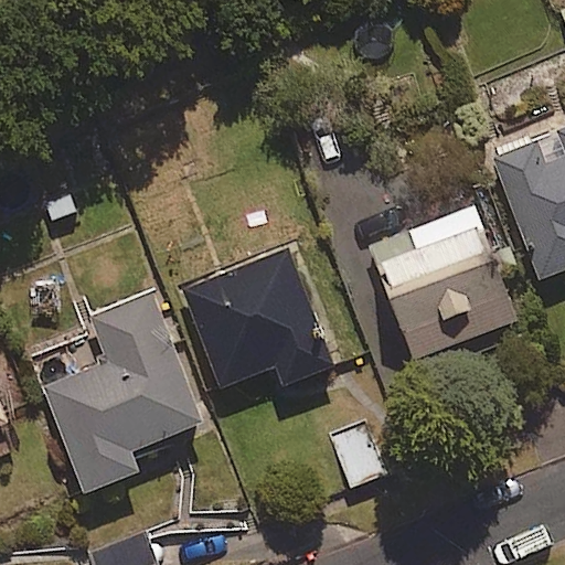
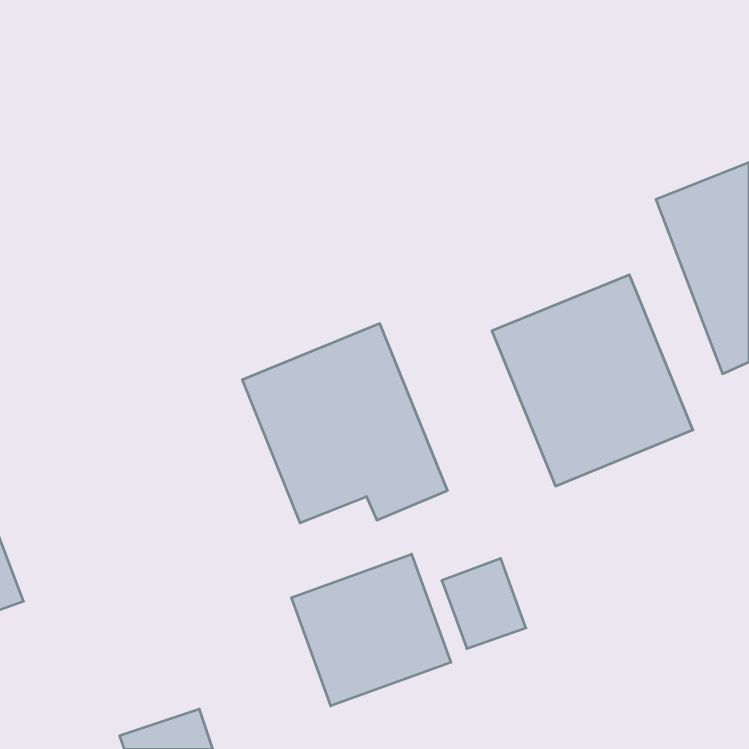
building: [26,287,204,495] -> none
building: none -> [291,554,451,706]

